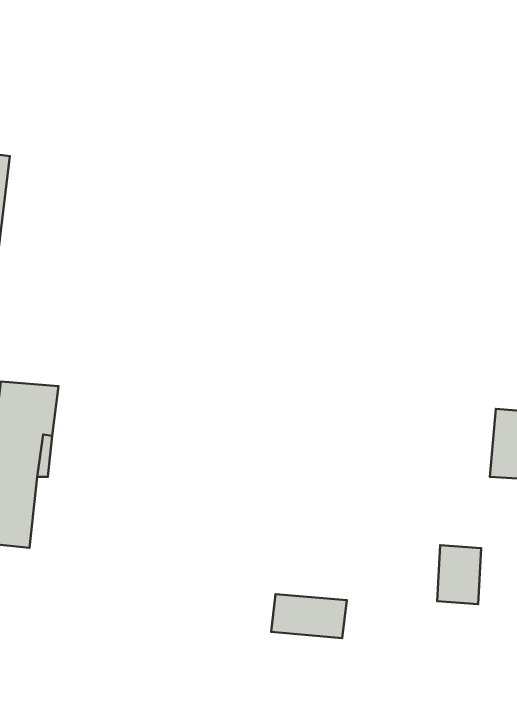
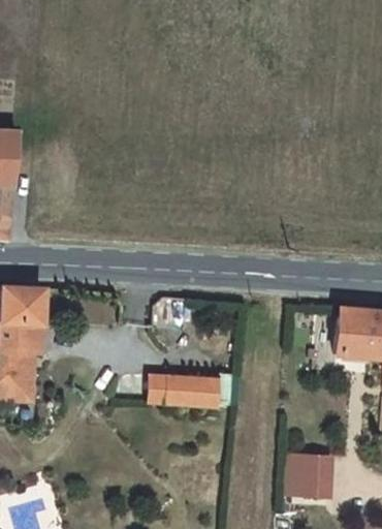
building: [437,545,481,604] -> [296,456,326,496]
building: [271,594,347,638] -> [165,377,217,407]

